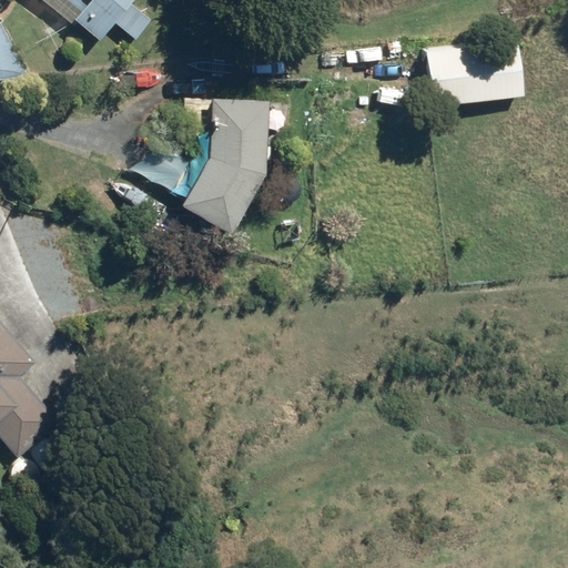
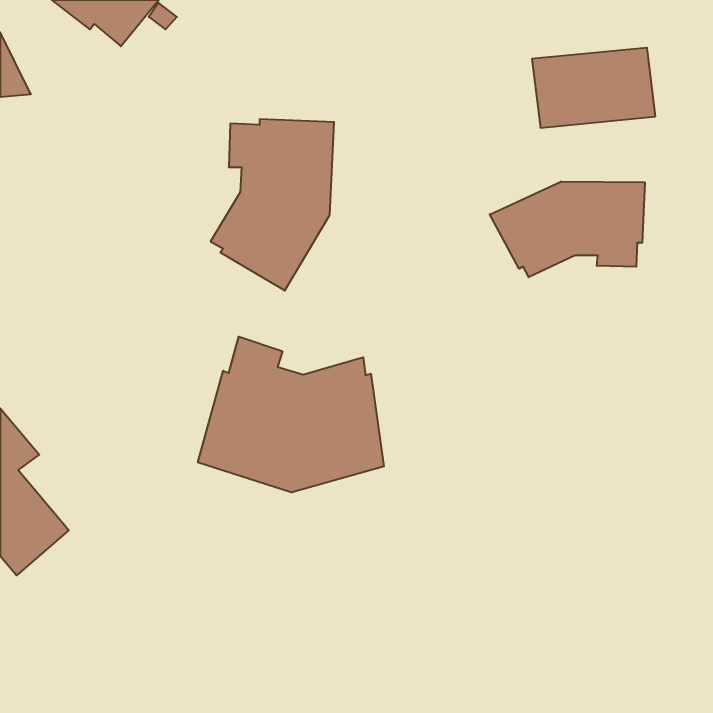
building: none -> [490,181,645,277]
building: none -> [198,337,384,492]

